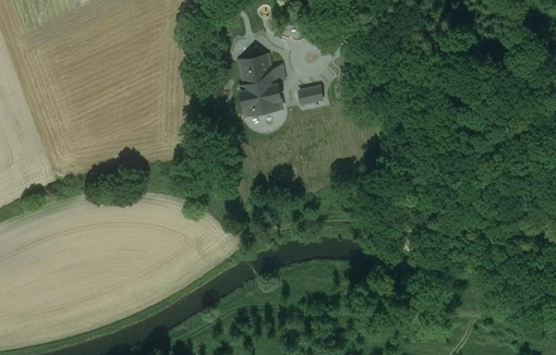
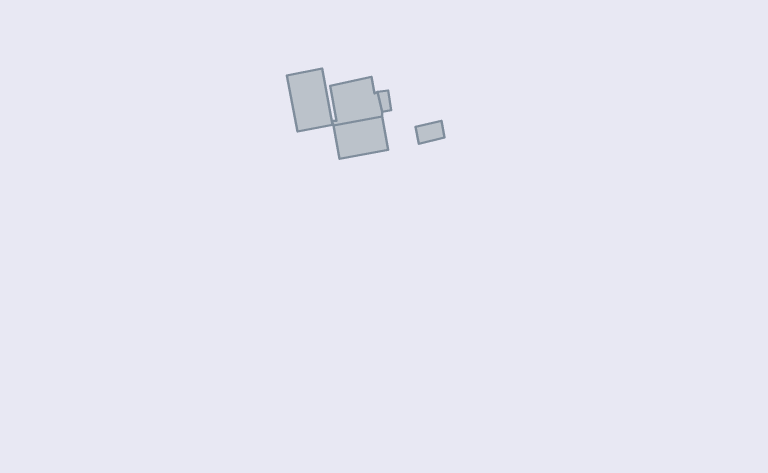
building: none -> [287,69,333,132]

